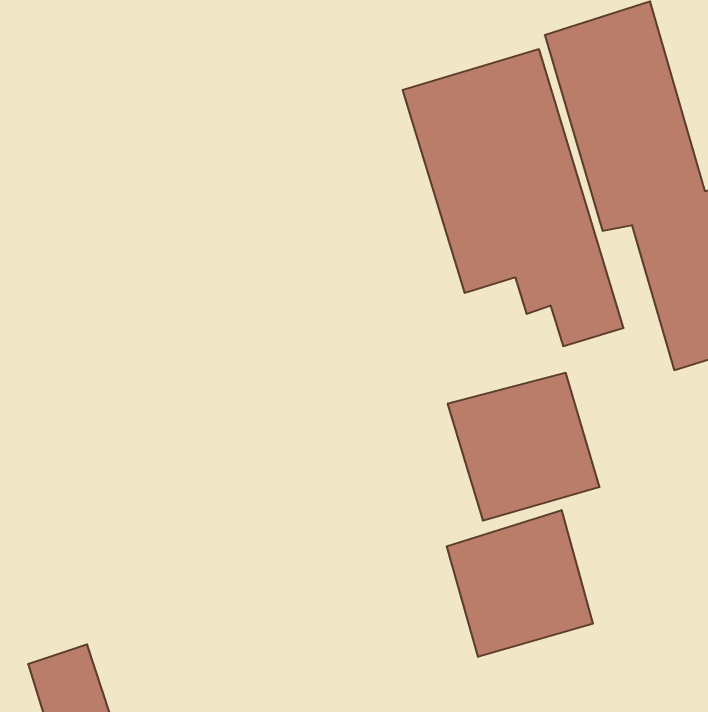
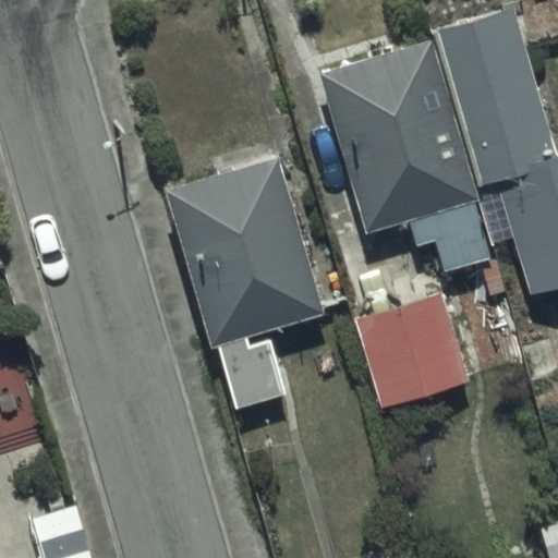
building: none -> [162,158,326,399]
building: [447,510,593,657] -> none

